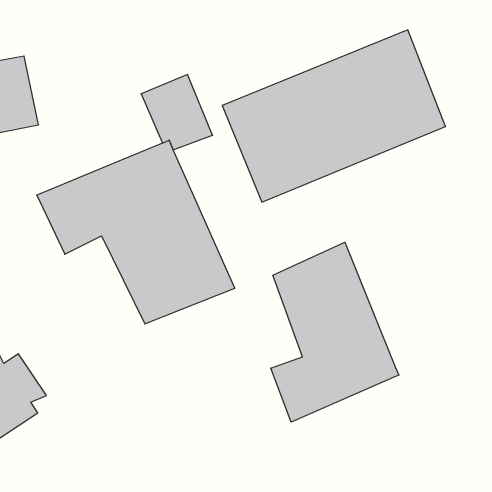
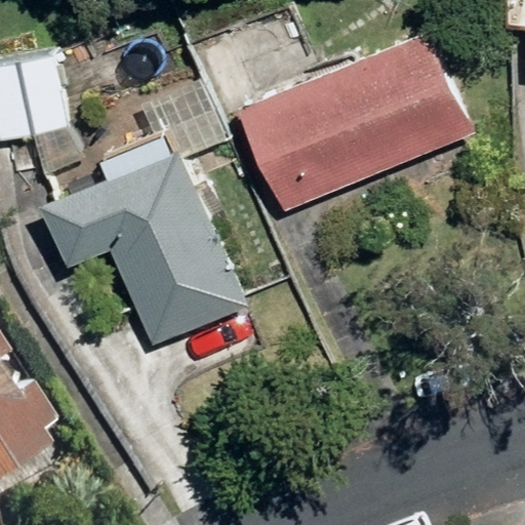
building: [271,242,399,422] -> none

